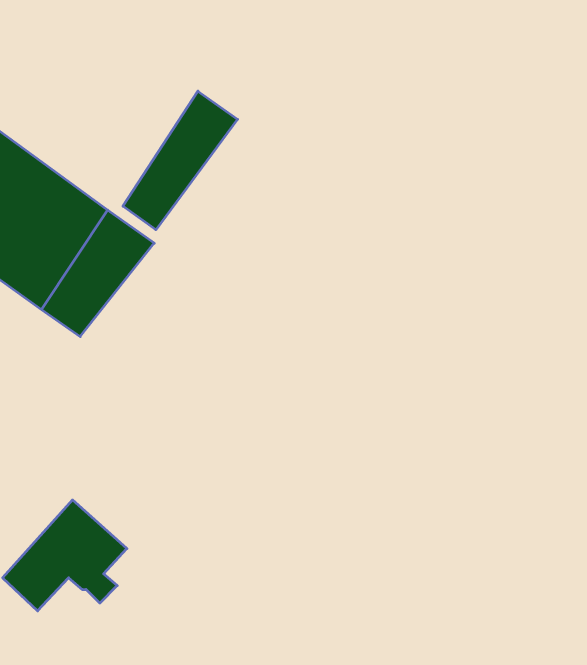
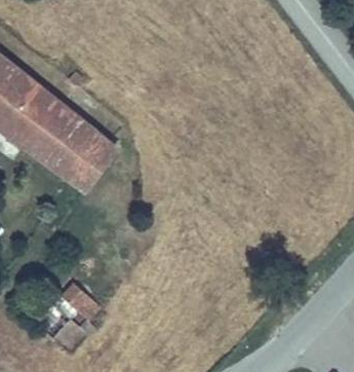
building: [123,91,238,230] -> none

